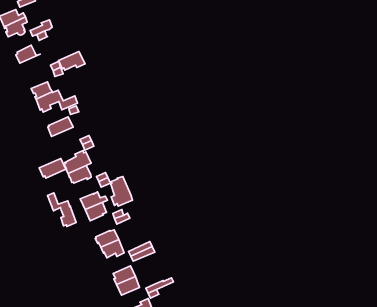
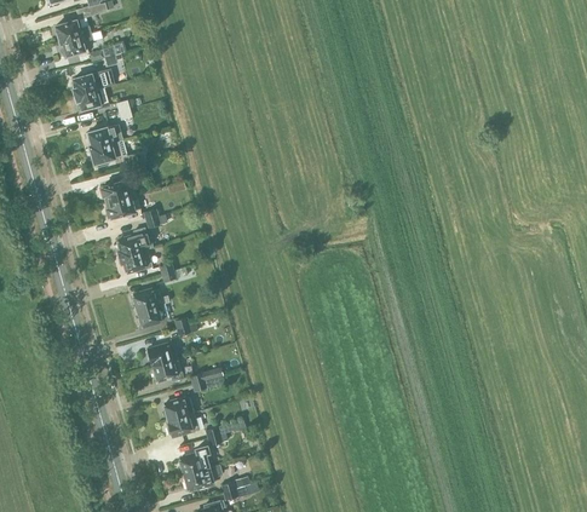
building: [58,52,85,70] -> [74,86,110,109]
building: [39,159,66,178] -> [104,194,140,218]
building: [110,177,133,206] -> none
building: [48,193,76,227] -> none

